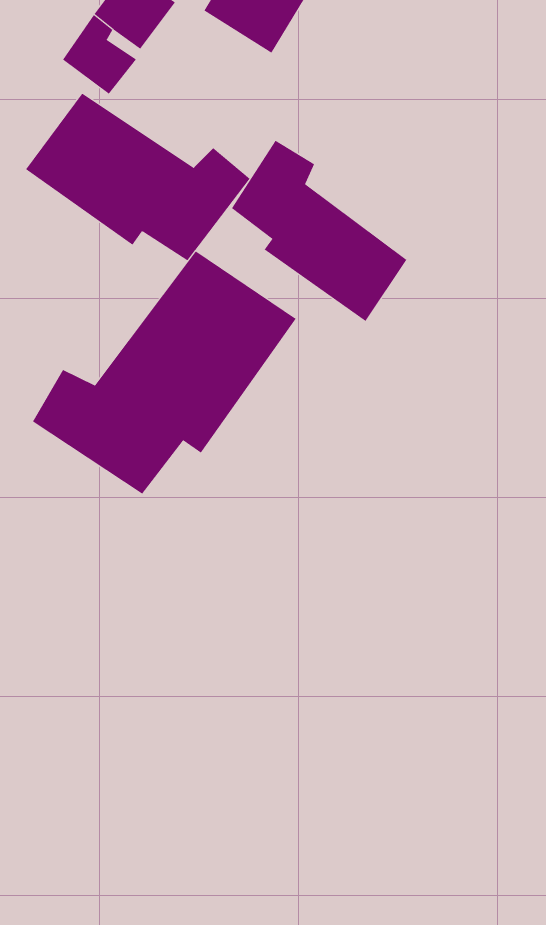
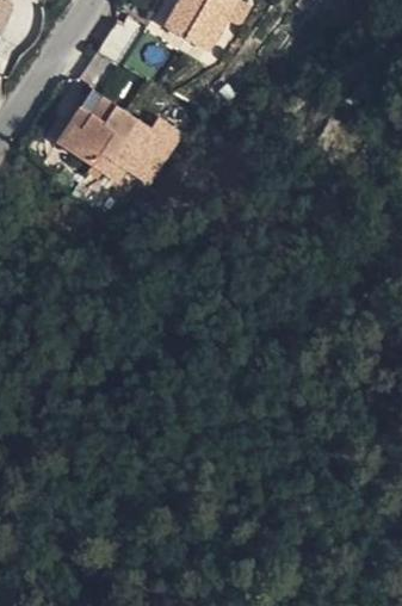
building: [231,140,407,322] -> none
building: [32,250,296,495] -> none

